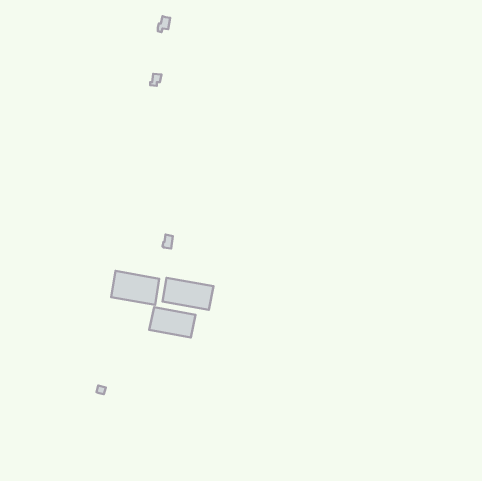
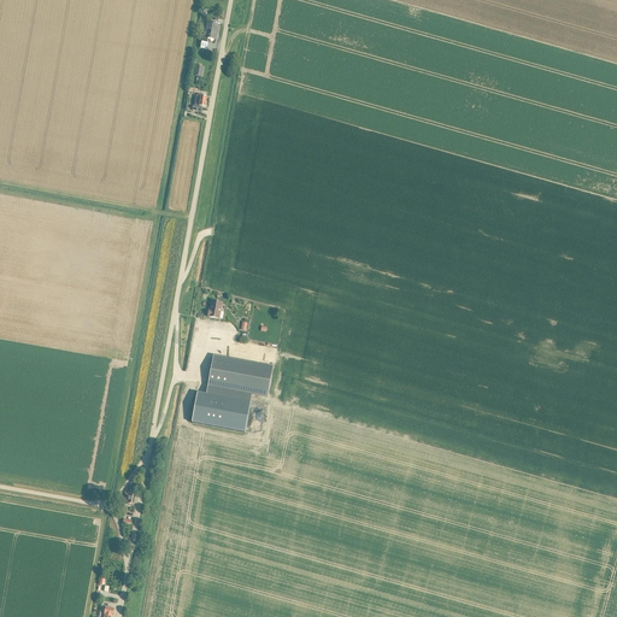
building: [111,271,159,305] -> none

